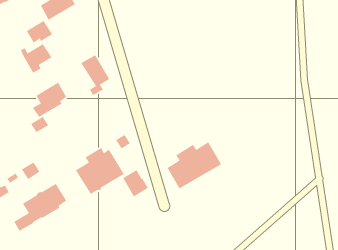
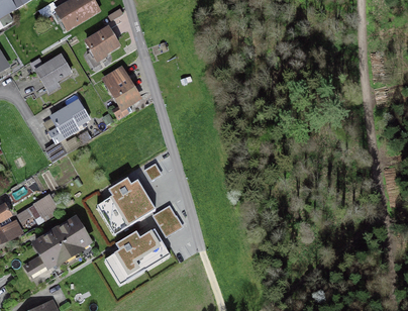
building: [26,20,53,44] -> [86,28,118,57]
building: [166,141,222,189] -> [105,228,171,285]

